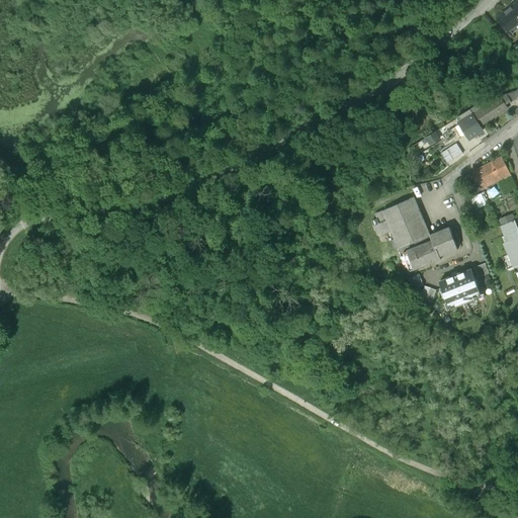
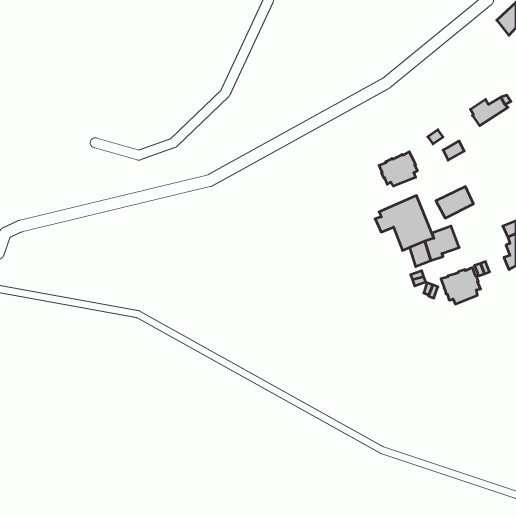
building: [455,111,482,141] -> none
building: none -> [379,152,417,186]
building: [471,158,509,189] -> [436,187,473,218]

